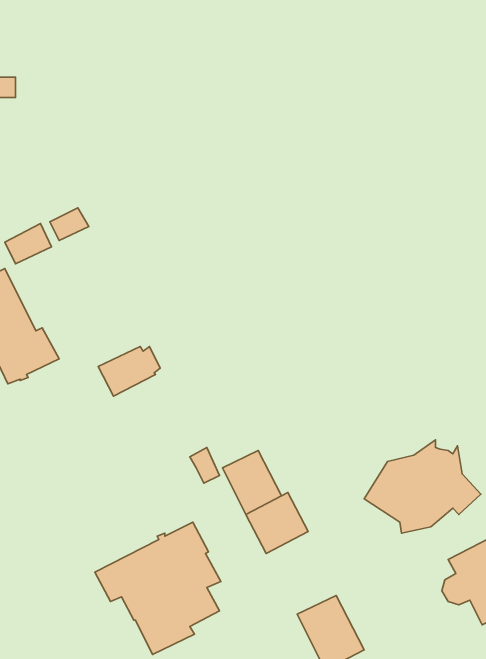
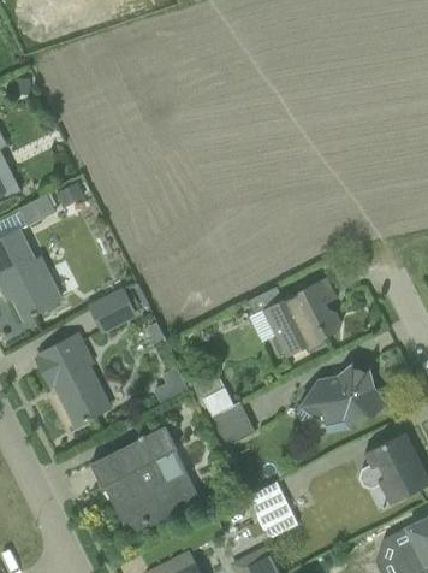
building: none -> [246,279,341,359]
building: none -> [37,335,111,425]

